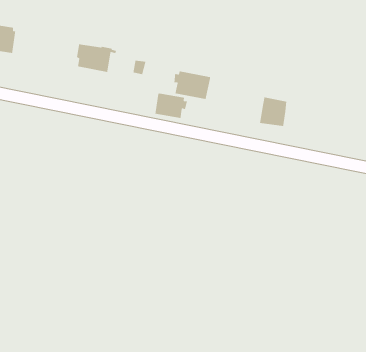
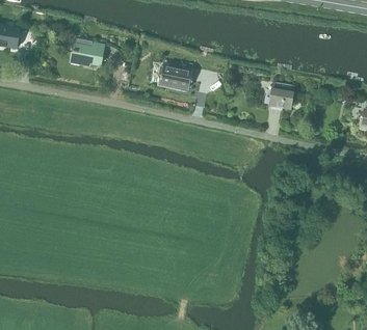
building: [154,92,188,119] -> none
building: [259,96,287,127] -> [269,81,294,108]

